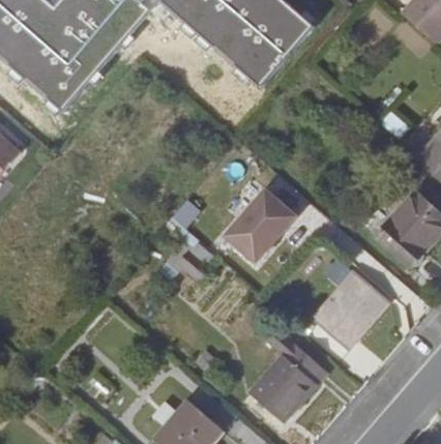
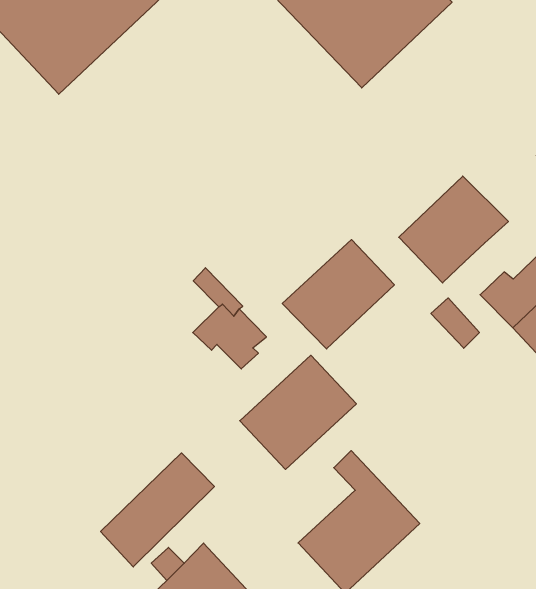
building: none -> [399,176,508,283]
building: [314,271,389,348] -> [240,355,356,469]
building: none -> [101,453,214,567]

